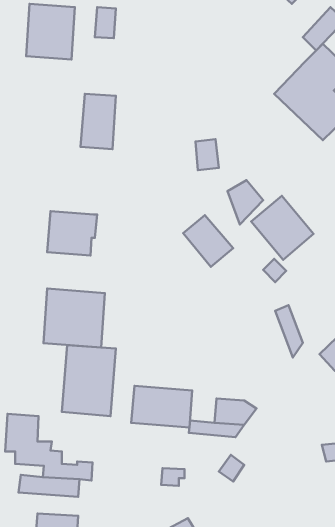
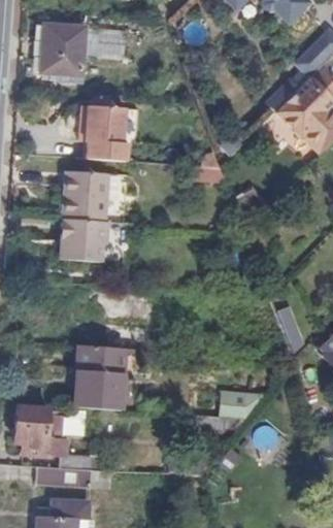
building: none -> [65,170,108,222]
building: [251,196,313,260] -> none
building: [183,215,233,267] -> none
building: [43,289,105,348] -> none
building: [131,386,192,428] -> none

